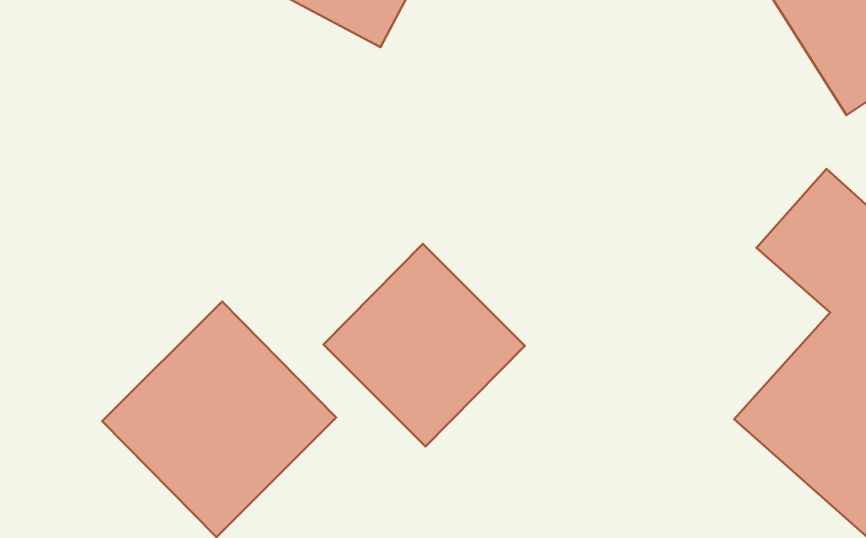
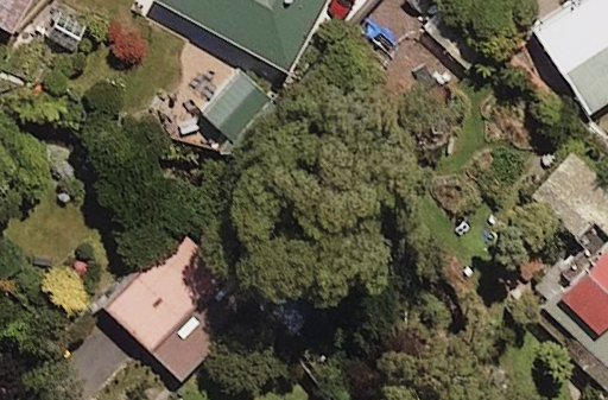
building: [324,244,525,447] -> none

